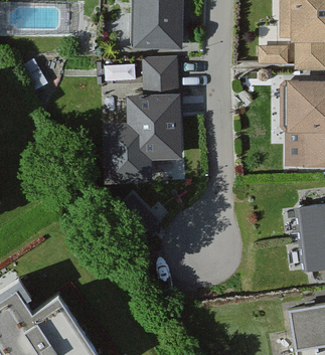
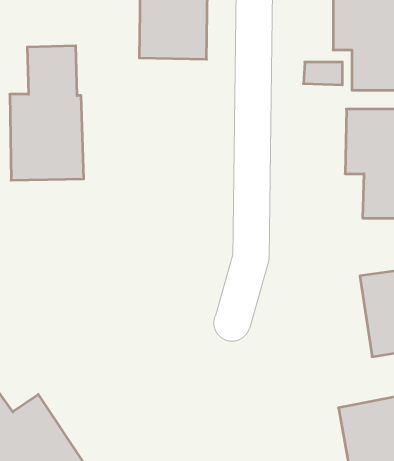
building: [127,62,182,163] -> [10,46,84,180]

